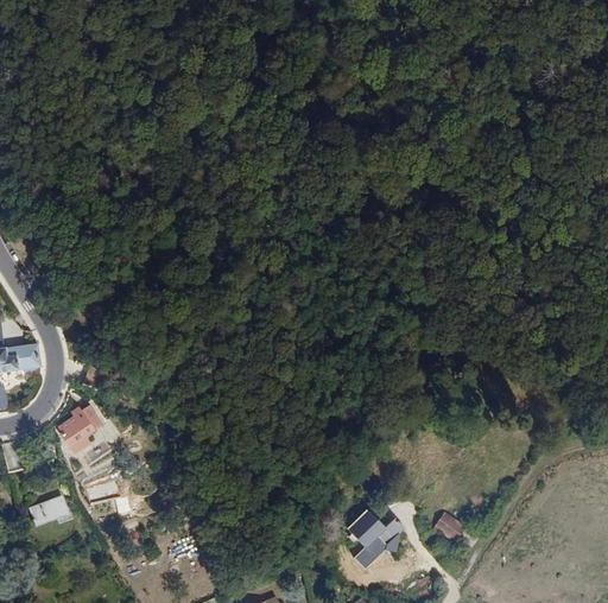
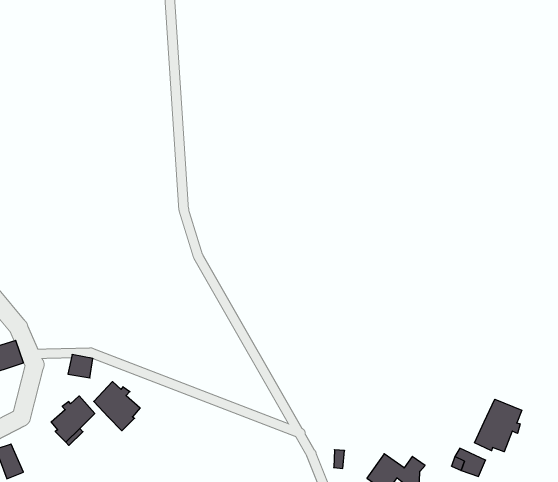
building: none -> [94,382,140,431]
building: none -> [474,399,522,452]

